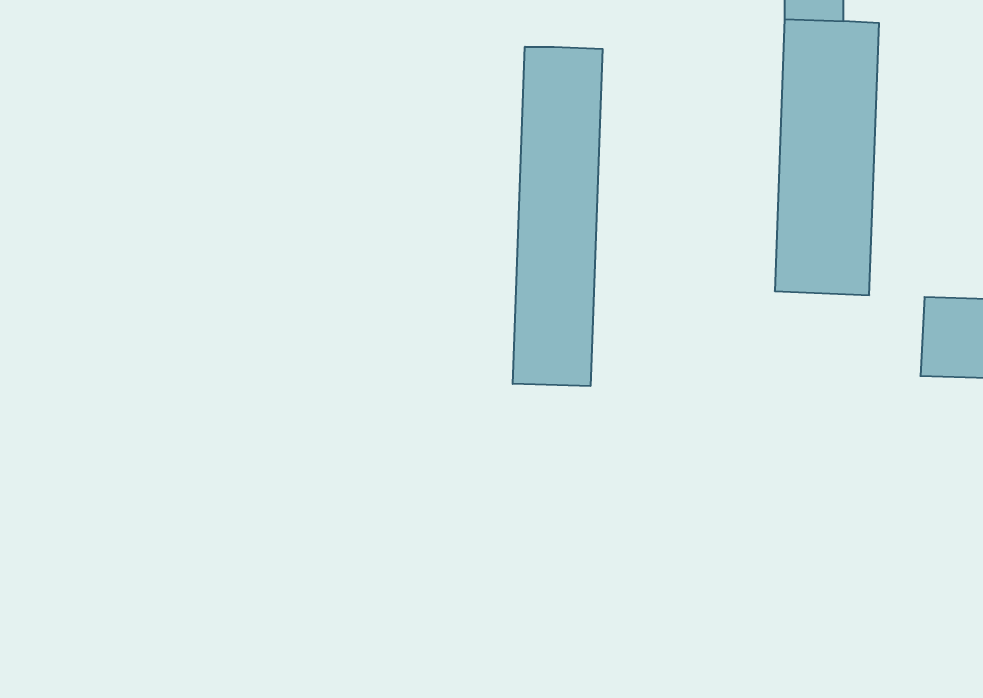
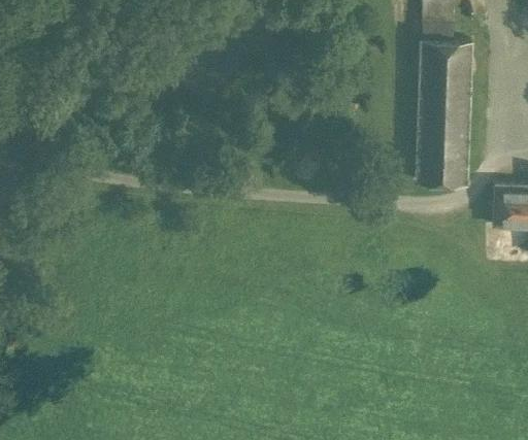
building: [513,47,603,386] -> none

